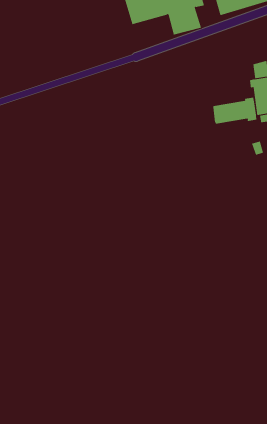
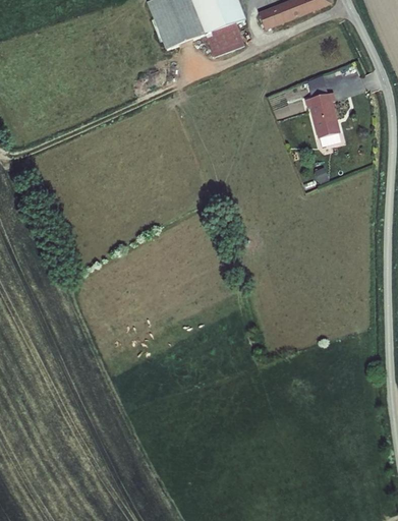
building: [213,97,257,124] -> none

